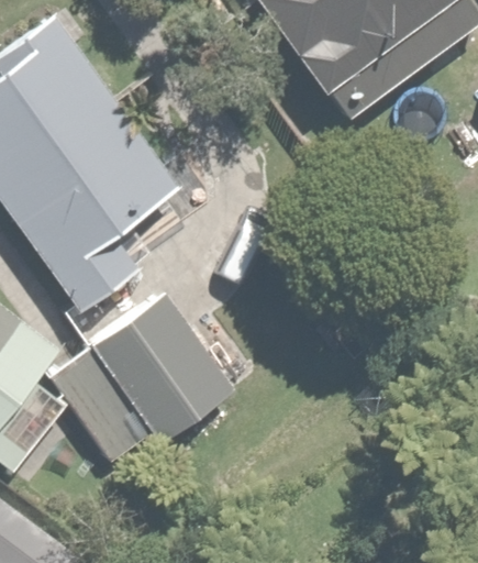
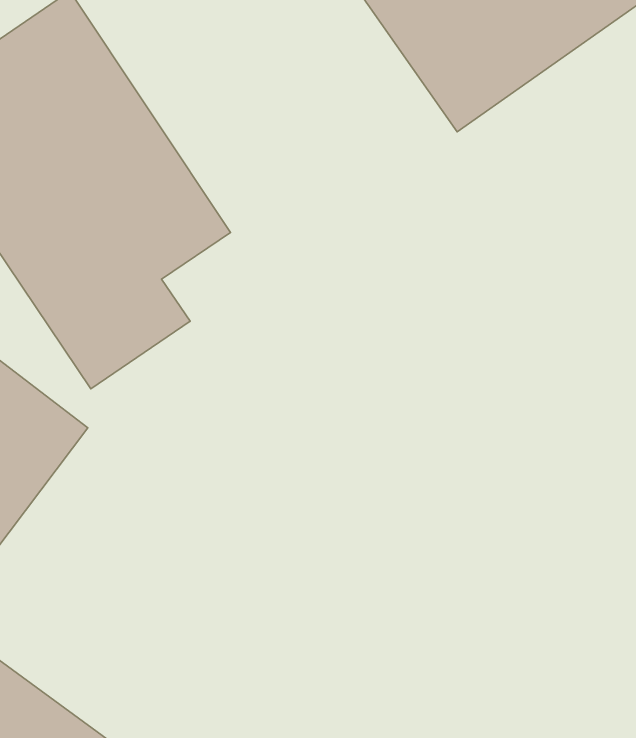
building: [54,297,230,466] -> none

